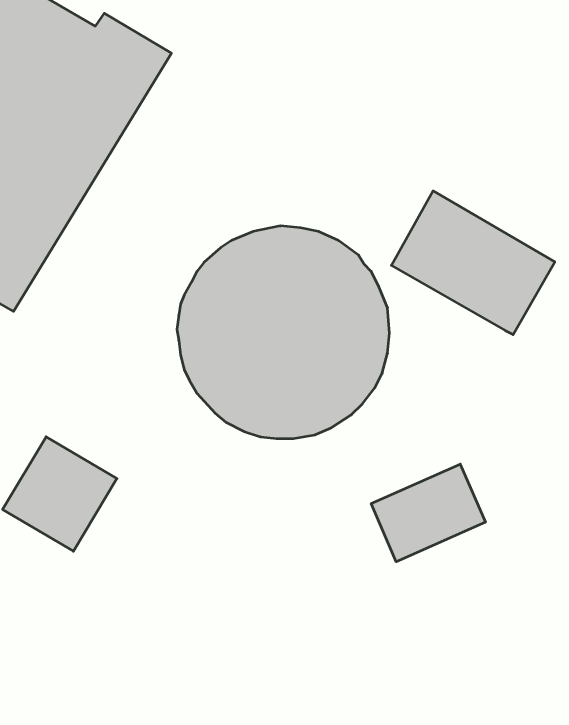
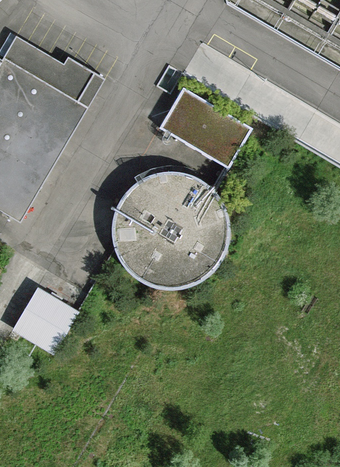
building: [391,191,555,335] -> [160,88,250,167]
building: [371,464,485,562] -> none

